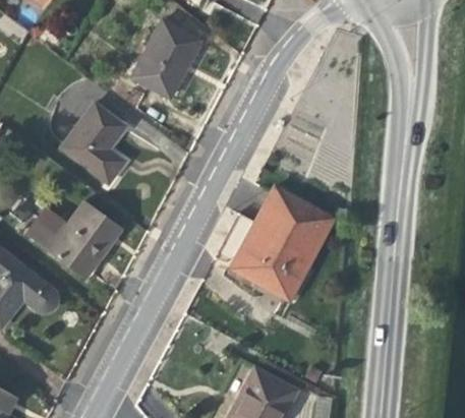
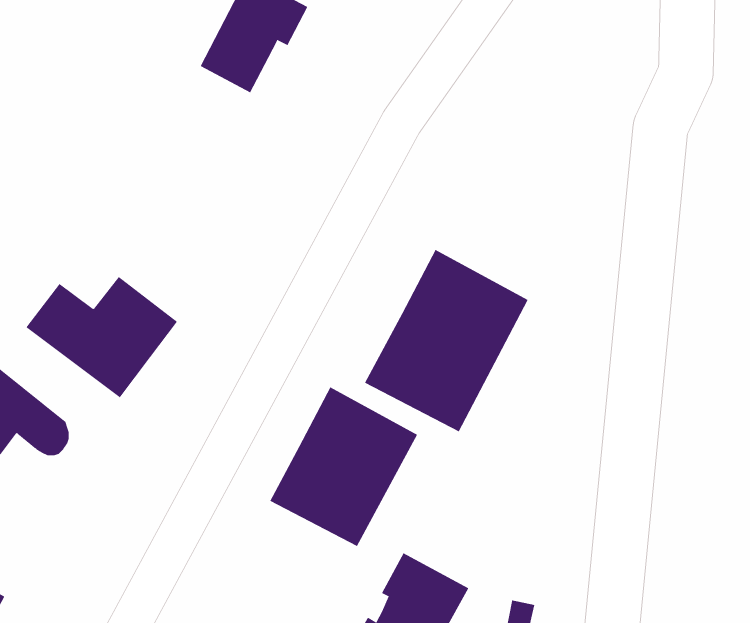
building: [61,104,124,183] -> none
building: none -> [269,387,418,547]

